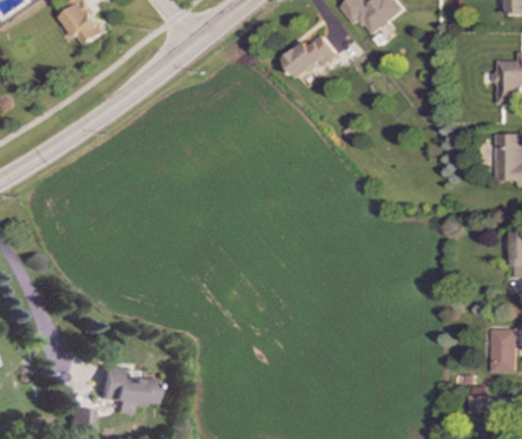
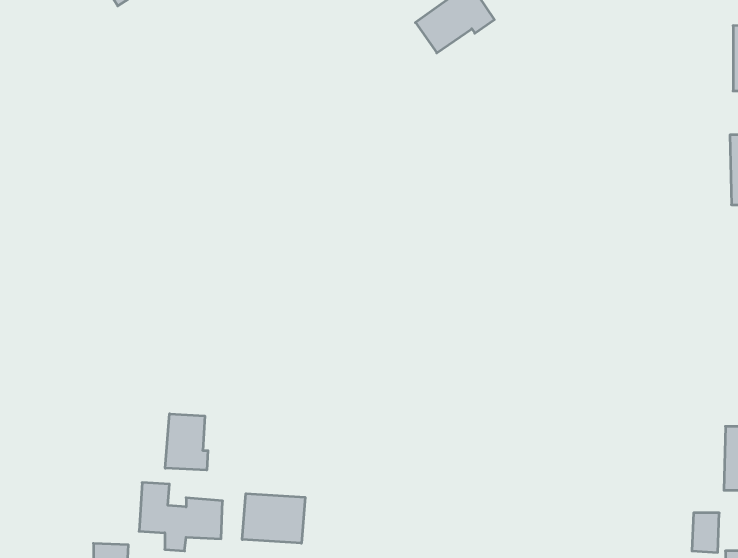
building: none -> [165,414,208,470]
building: none -> [242,494,305,543]

